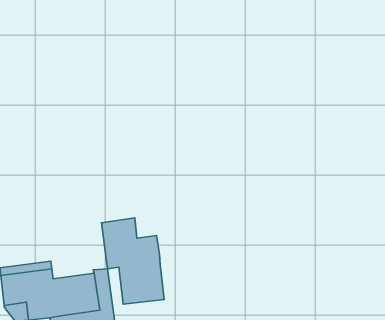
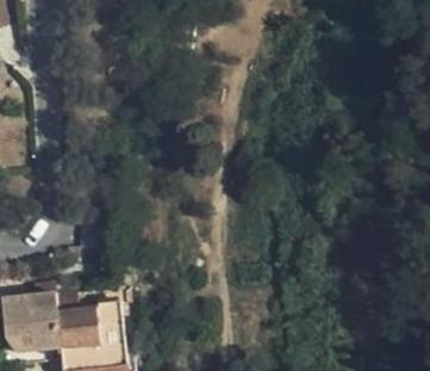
building: [102,218,164,304] -> none

